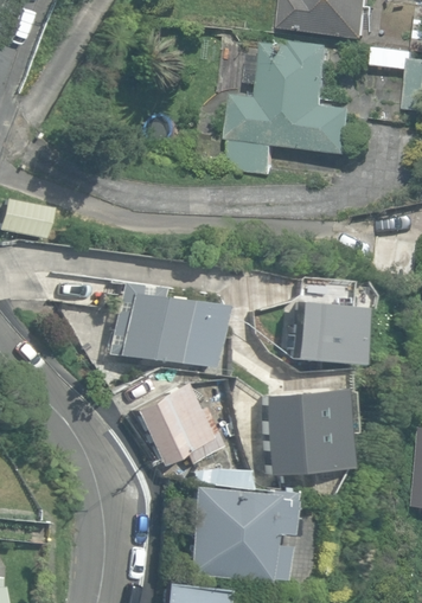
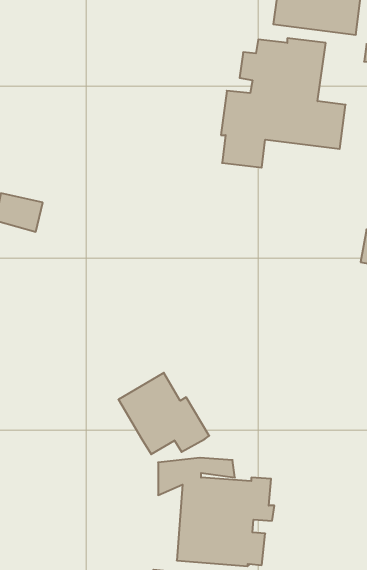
building: [105,282,218,367] -> none
building: [282,309,354,373] -> none
building: [252,396,337,487] -> none

